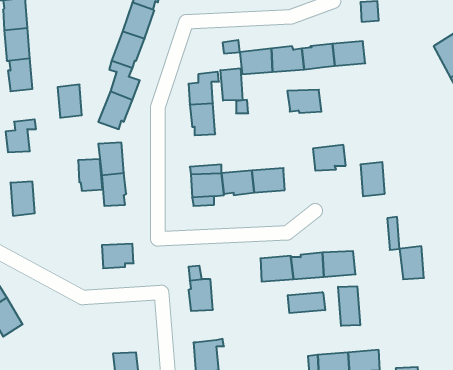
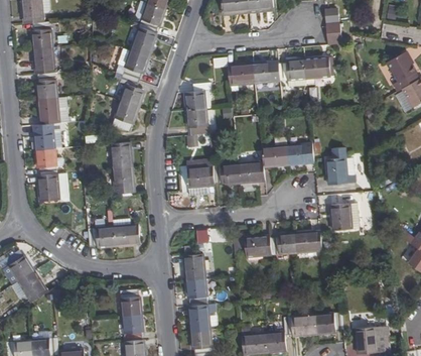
building: [220,68,243,101] -> none
building: [58,85,82,118] -> [37,97,57,124]
building: [287,90,321,113] -> [261,146,289,165]
building: [78,159,102,191] -> [35,148,55,174]
building: none -> [87,226,114,246]
building: [399,246,424,279] -> [330,204,350,231]
building: [338,286,360,326] -> none
building: [288,292,325,313] -> none
building: none -> [186,279,207,307]
building: none -> [120,289,141,316]

